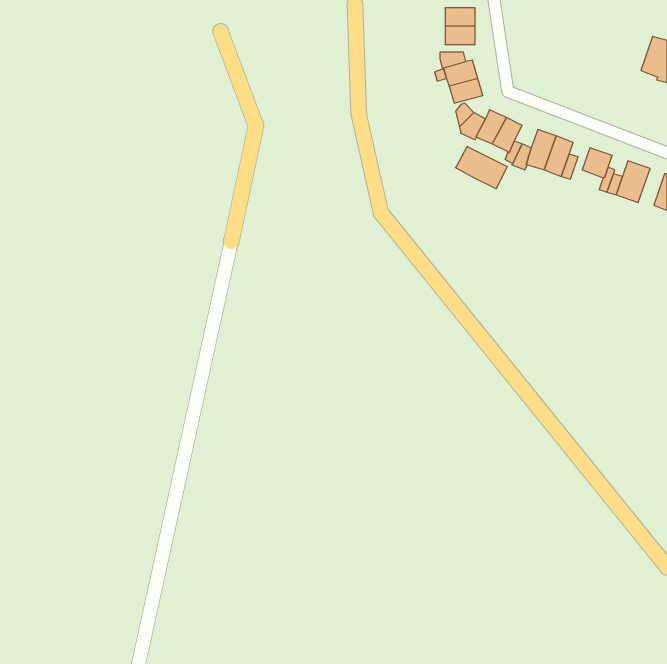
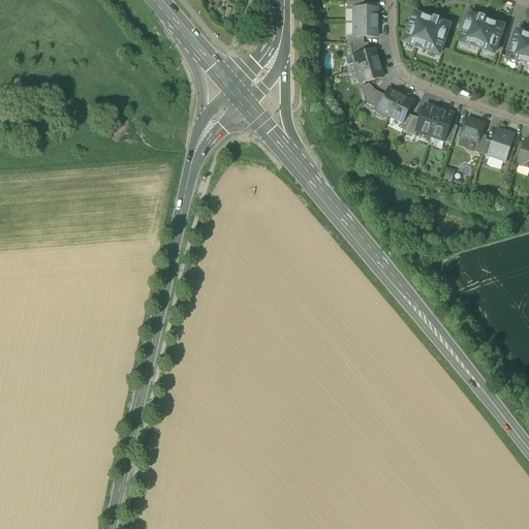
building: none -> [404,11,449,53]
building: none -> [460,12,503,52]
building: [455,146,507,189] -> none

